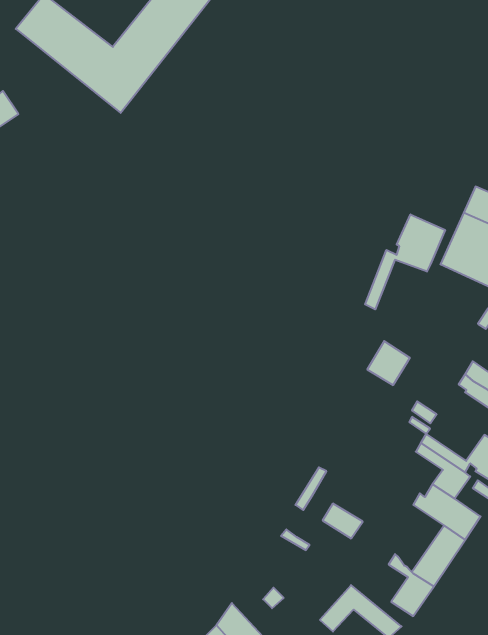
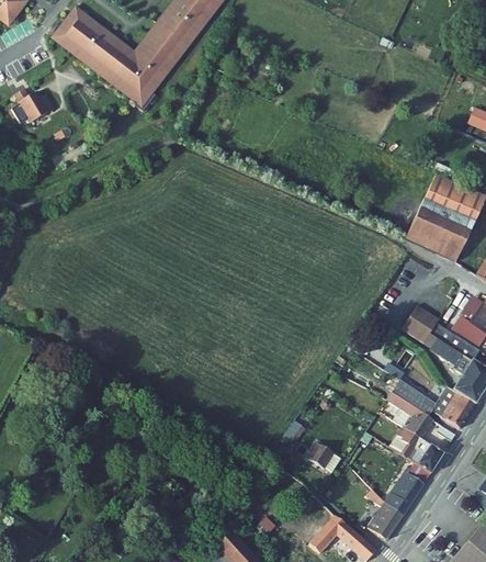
building: [365,214,445,309] -> none
building: [367,341,410,385] -> [402,304,438,341]

